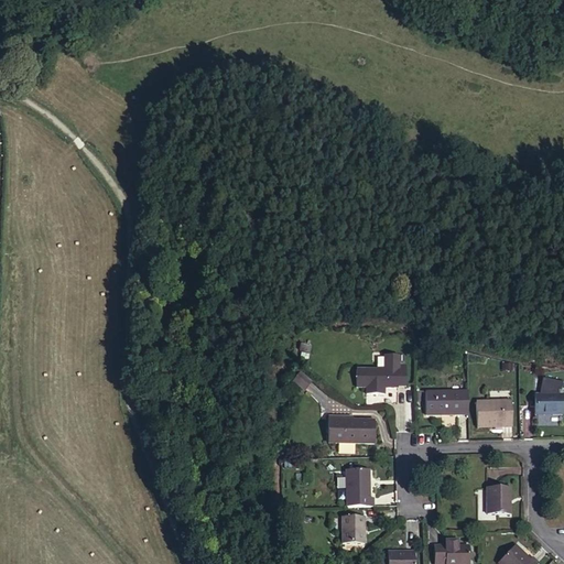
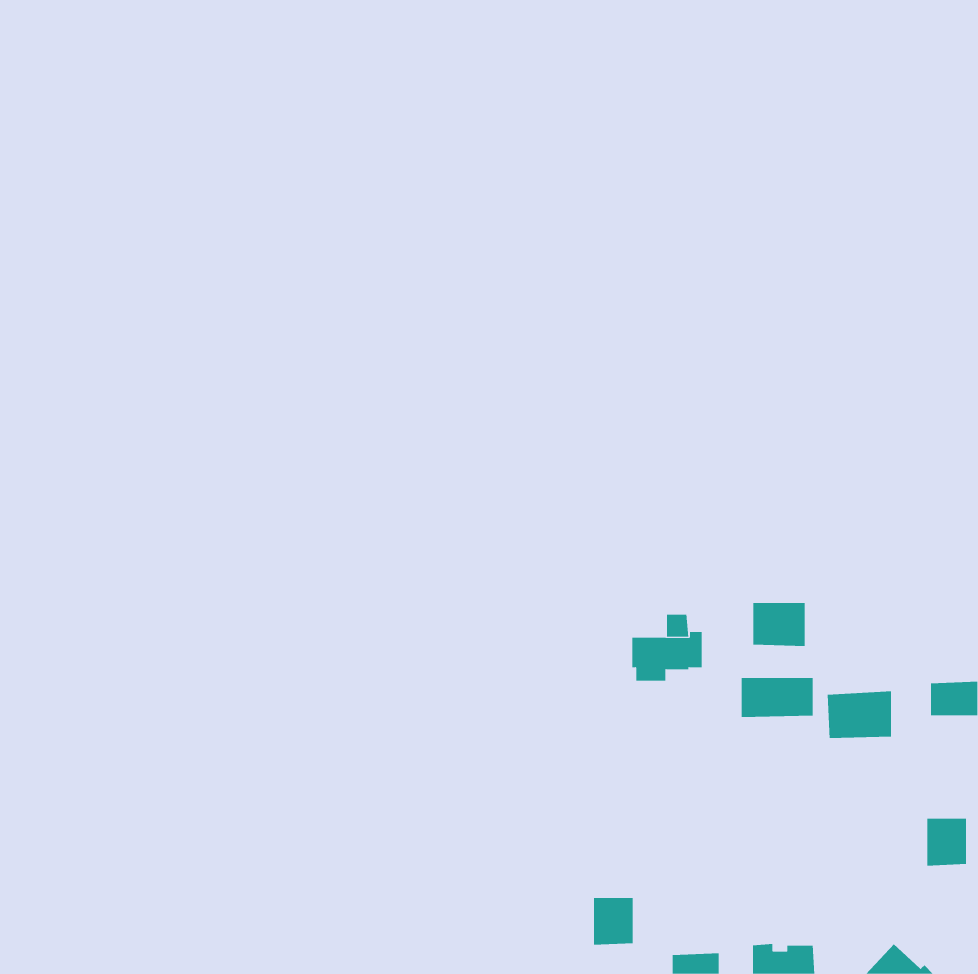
building: none -> [753,602,805,647]
building: [328,419,375,443] -> none
building: [346,468,373,506] -> none
building: [486,487,509,514] -> [927,818,967,866]

